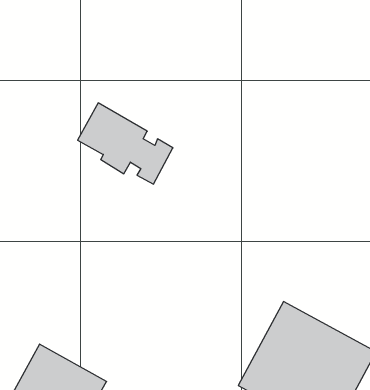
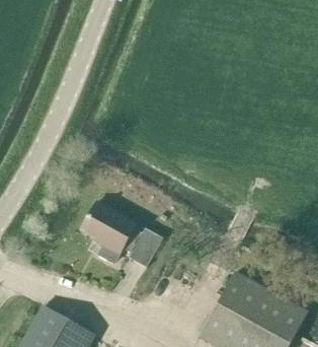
building: [78,103,173,184] -> [82,202,157,266]

